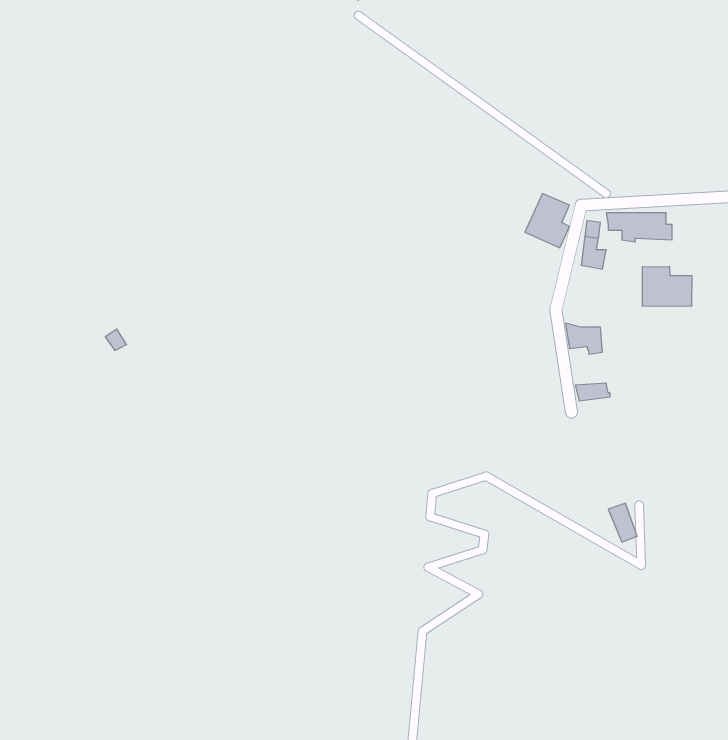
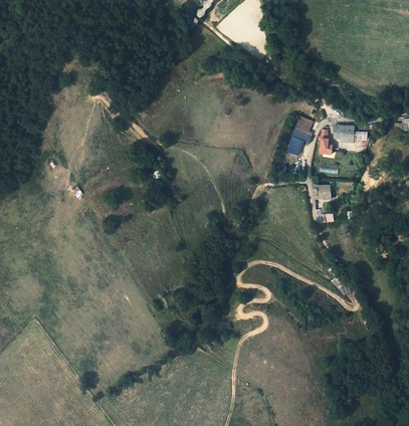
building: [643,266,692,306] -> none

